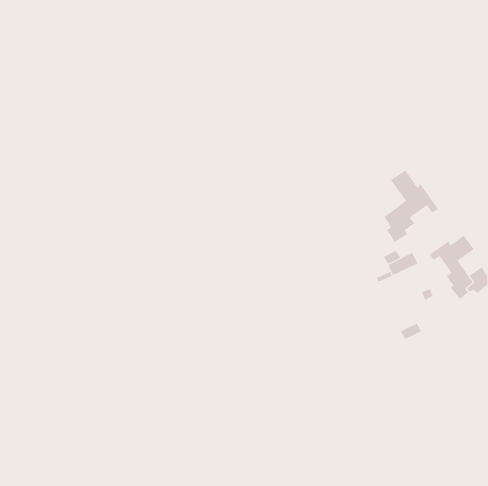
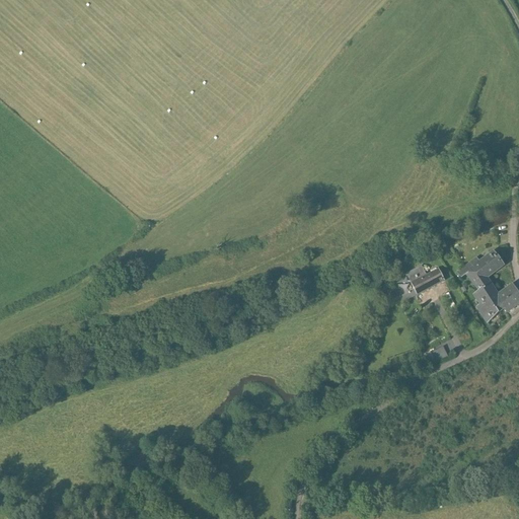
building: [383,169,439,243] -> none

